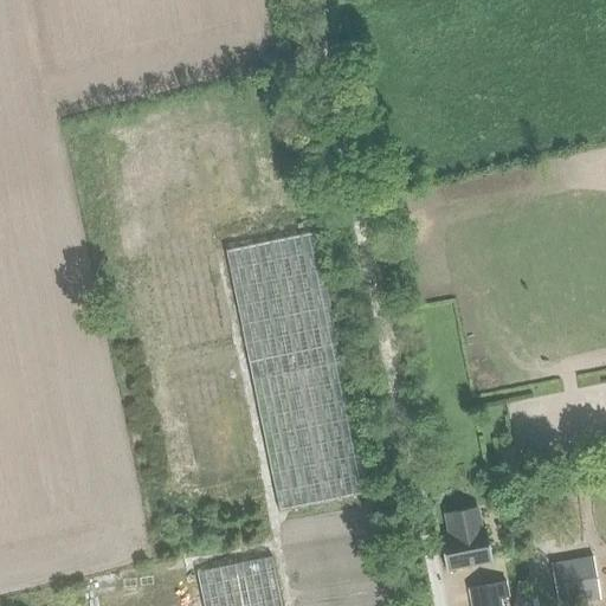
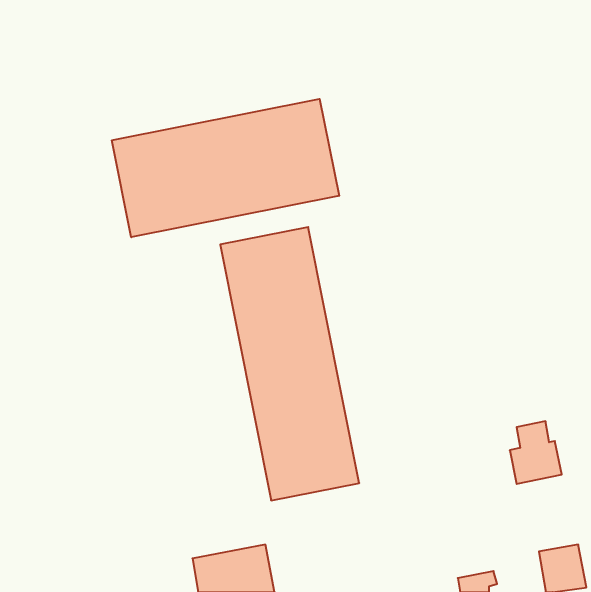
building: none -> [112,99,339,237]
building: [438,508,491,572] -> [510,421,562,484]

